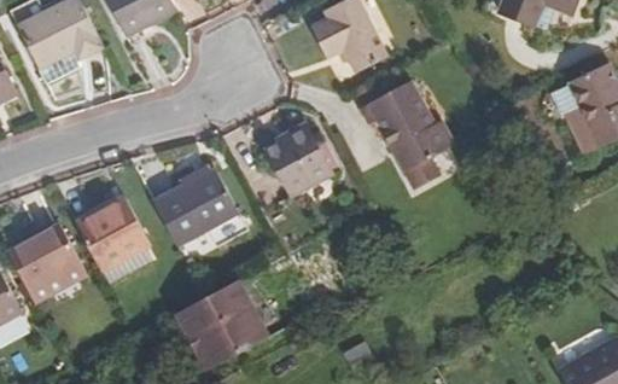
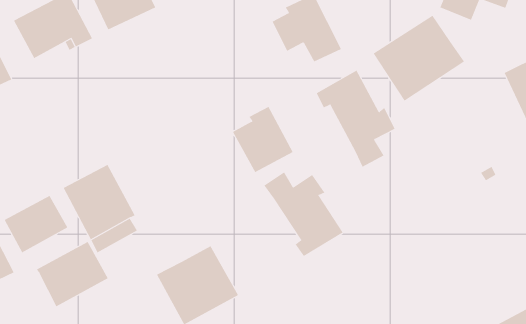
building: none -> [373,15,465,101]
building: [152,168,238,245] -> none
building: none -> [263,171,344,257]
building: none -> [36,241,108,307]

